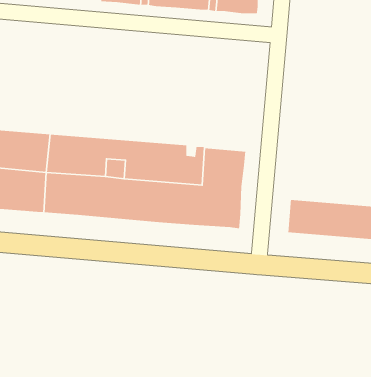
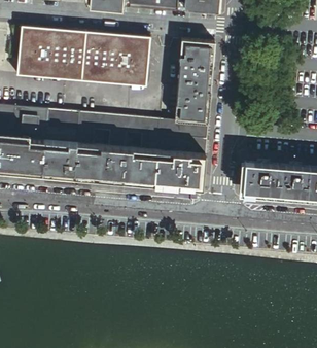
building: none -> [15,25,151,88]
building: none -> [175,41,215,126]

